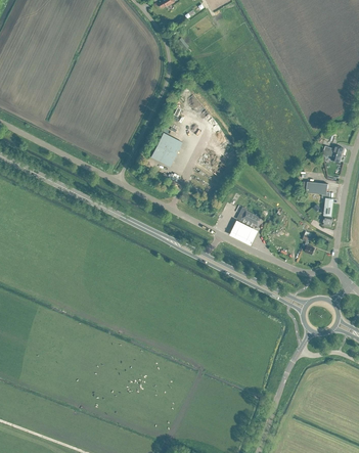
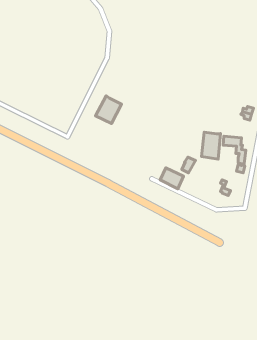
building: none -> [201,132,221,159]

